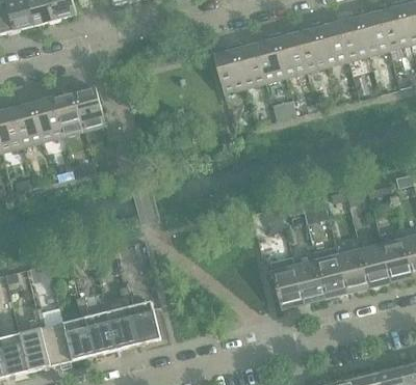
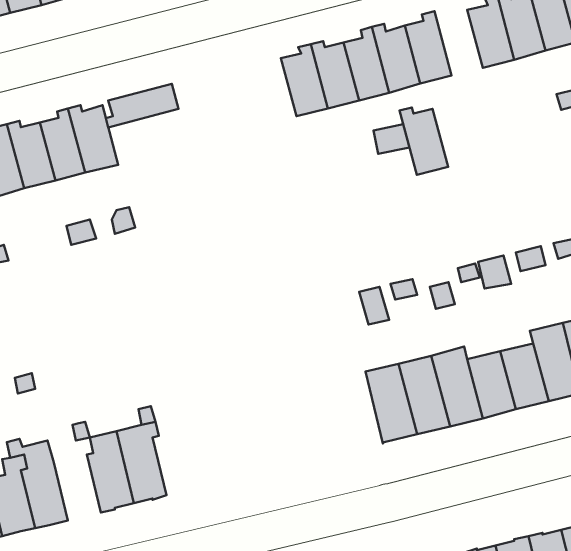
building: [315,21,347,65] -> [399,107,448,175]
building: none -> [106,84,178,127]
building: [128,300,160,343] -> none
building: [62,305,94,360] -> none

